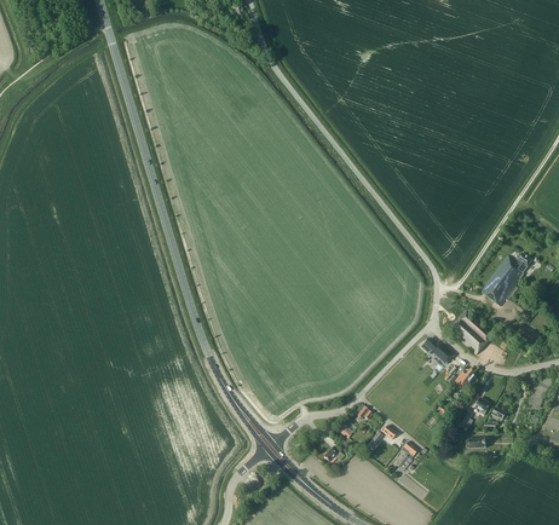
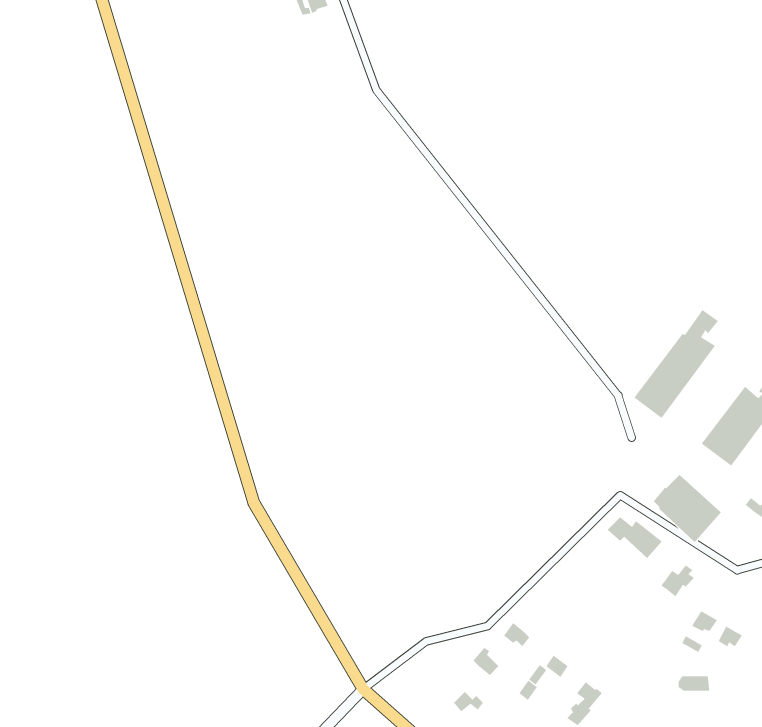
building: none -> [634,309,719,419]

